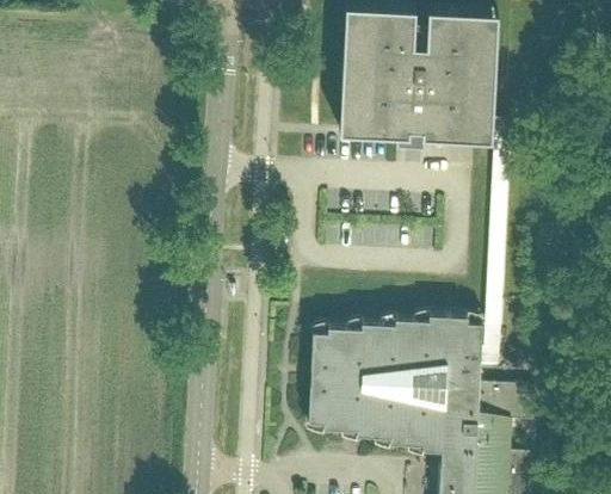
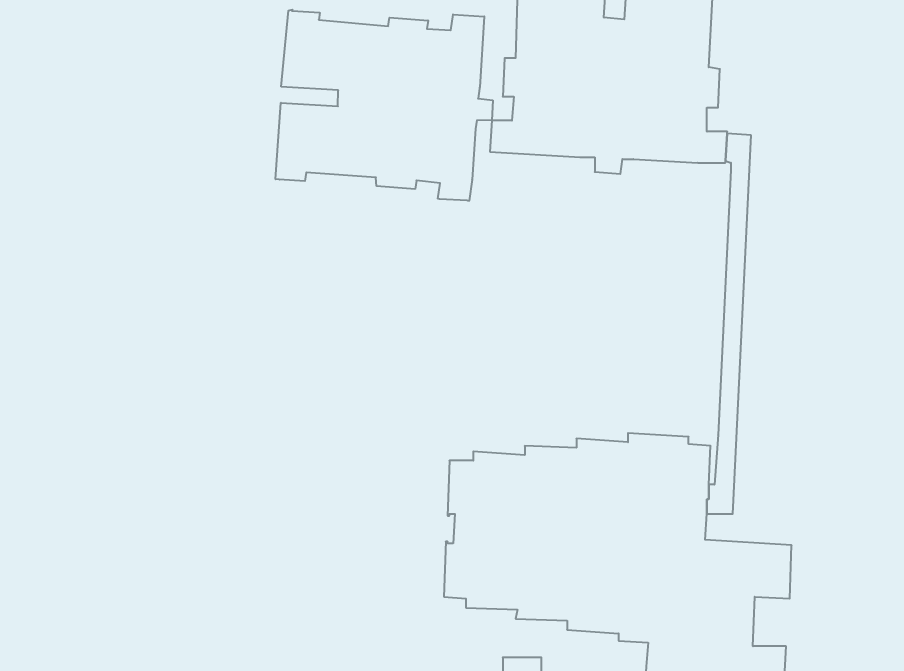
building: none -> [276,10,493,201]

